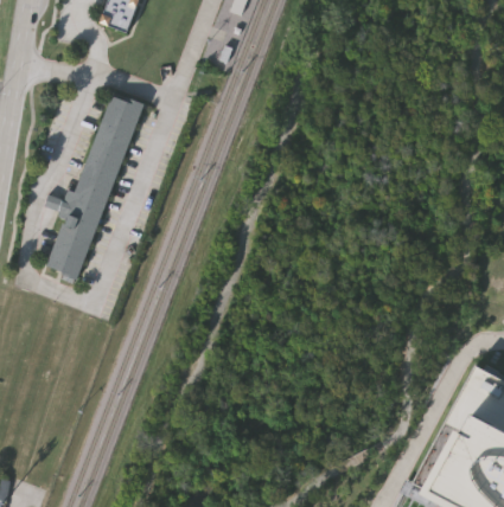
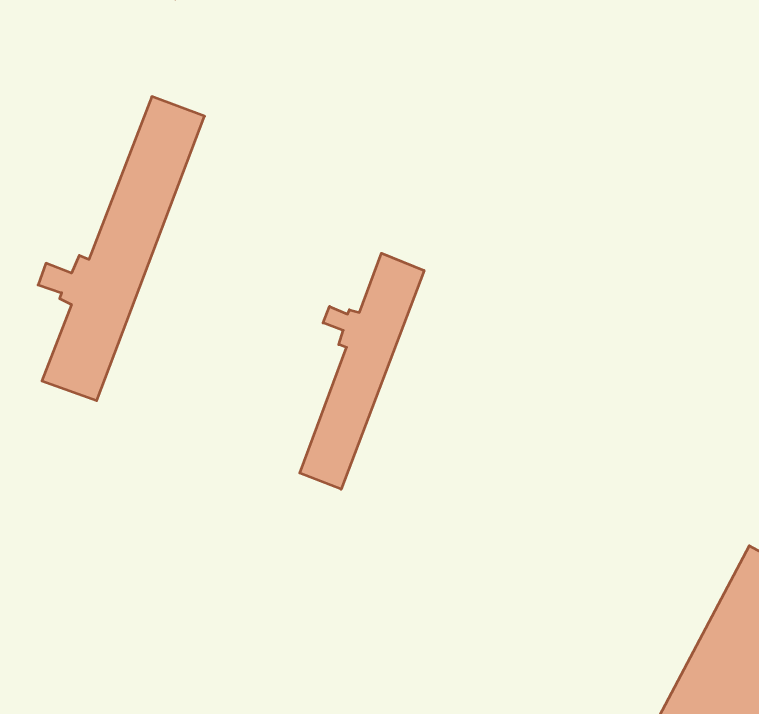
building: none -> [300,253,424,489]

